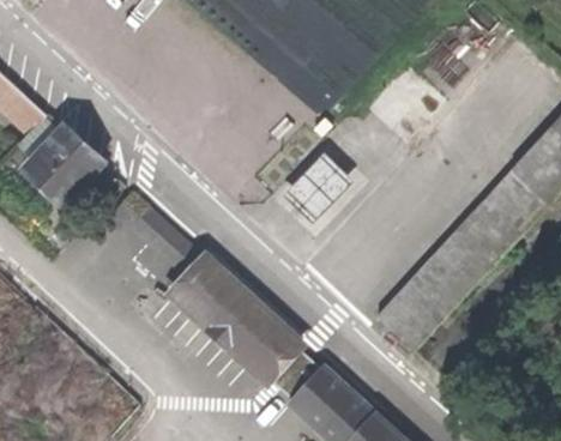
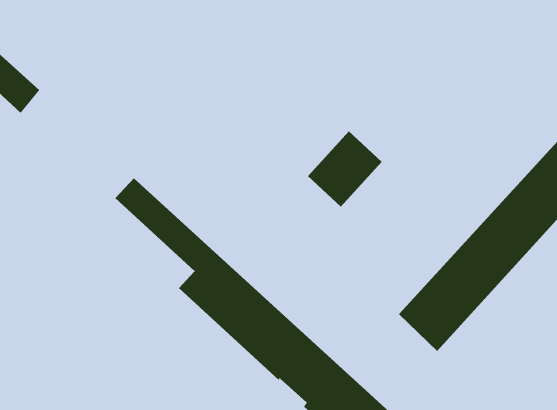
building: [25,128,99,203] -> none

